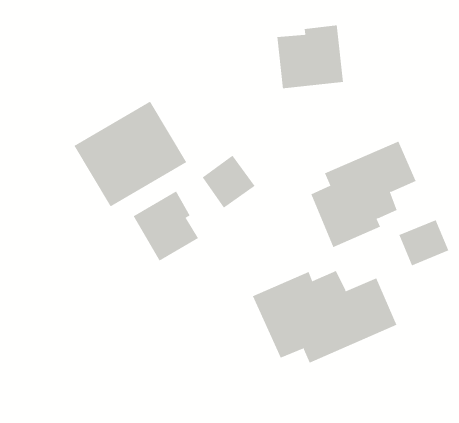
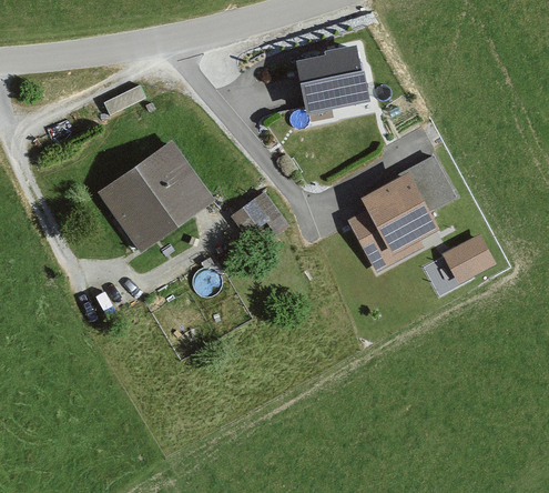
building: [133,191,199,262] -> none
building: [252,270,397,364] -> none

